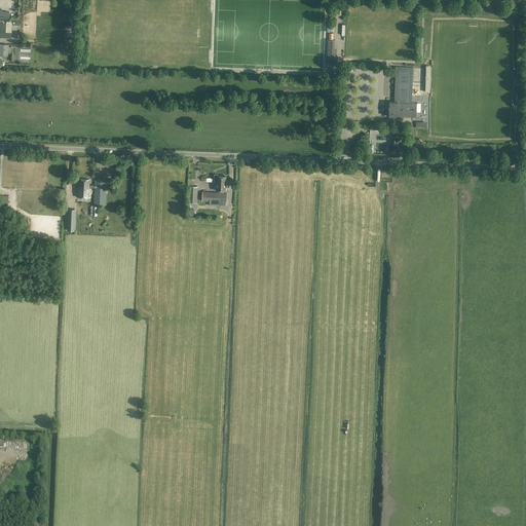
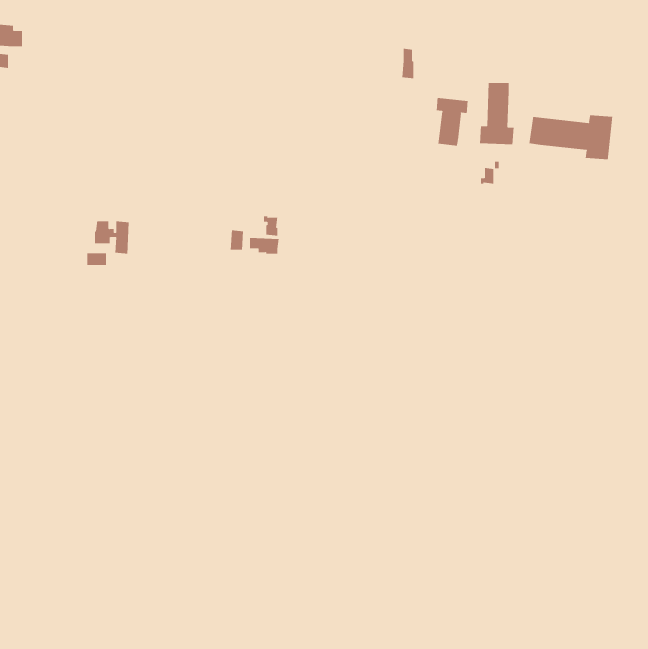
building: none -> [436,97,468,147]
building: none -> [529,114,613,160]

